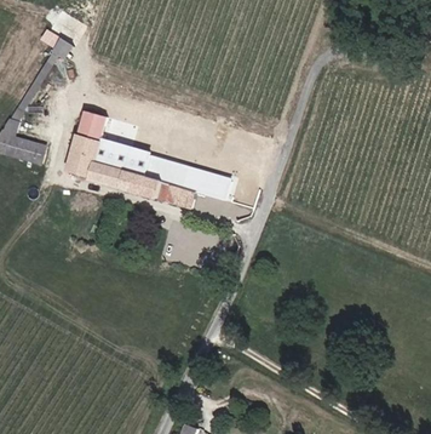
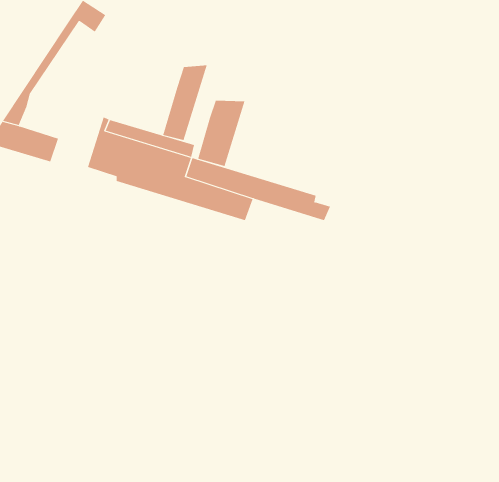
building: none -> [163,65,208,141]
building: none -> [197,100,245,167]

